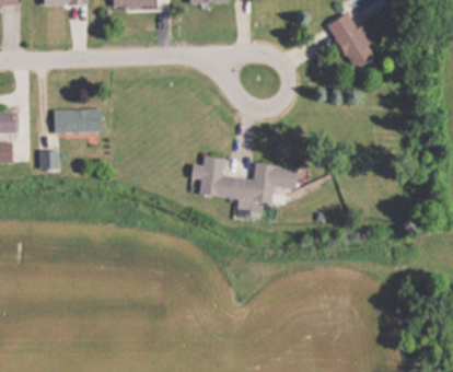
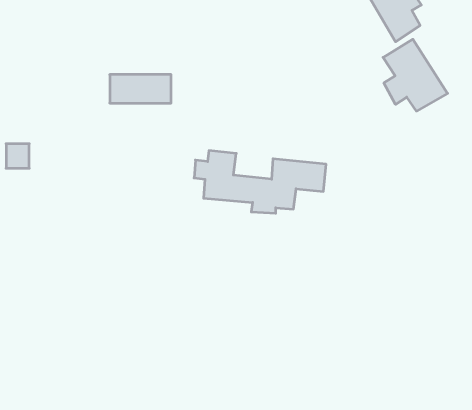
building: none -> [383,39,448,111]
building: [54,109,103,132] -> [110,75,171,103]

